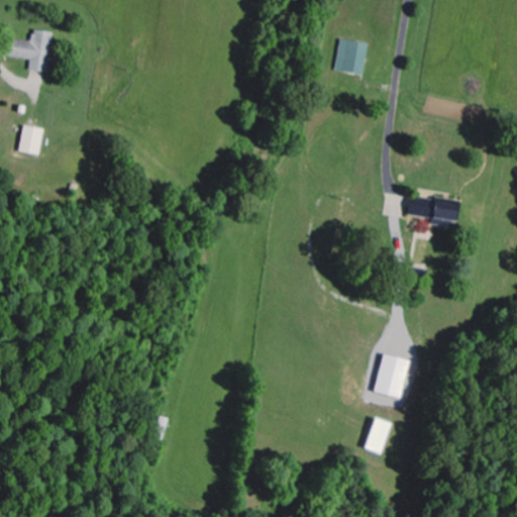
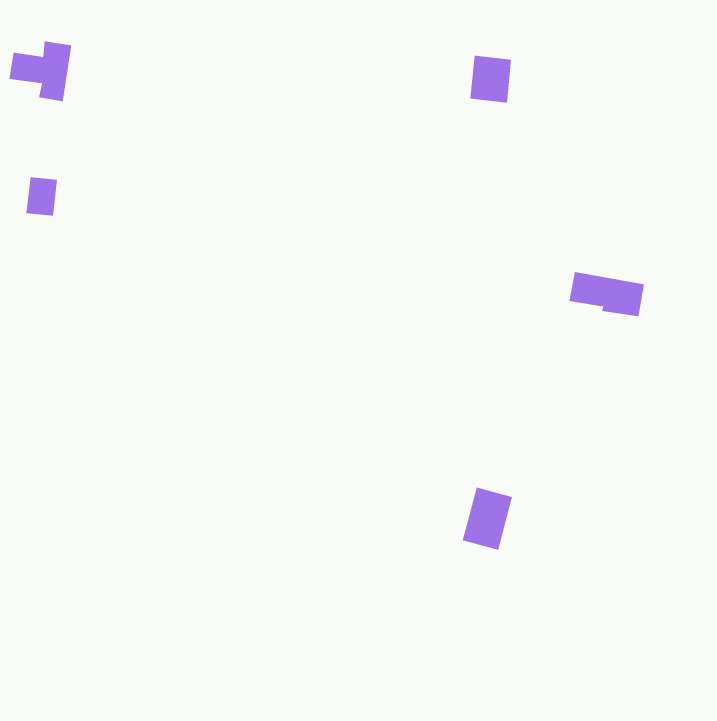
building: [373,353,409,399] -> [462,487,513,550]
building: [364,418,391,454] -> none

